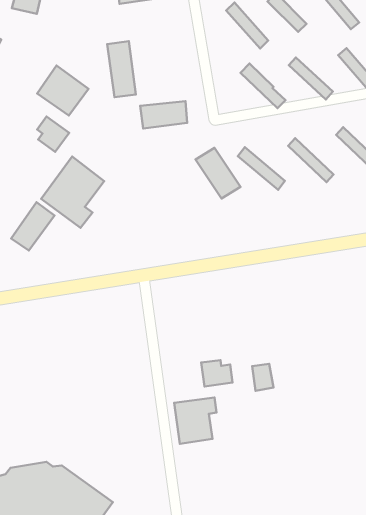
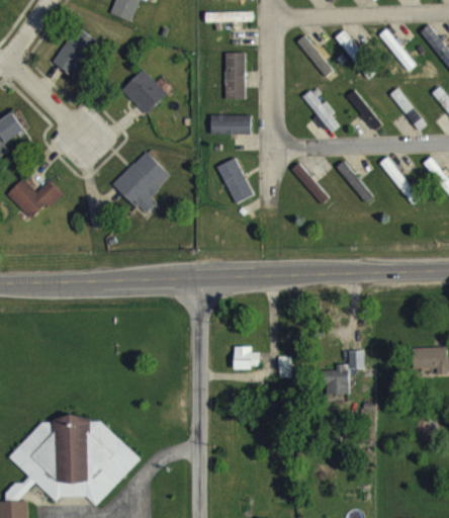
building: [107,41,136,97] -> [224,52,244,99]
building: [37,117,69,152] -> none
building: [195,148,240,199] -> [216,157,253,202]
building: [11,202,54,250] -> none
building: none -> [323,350,364,394]
building: [174,397,217,444] -> none

